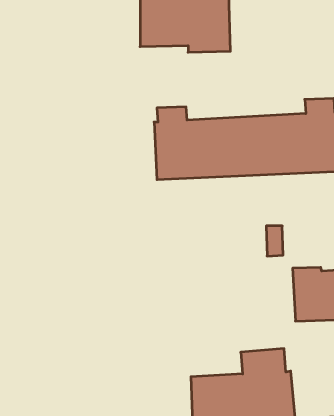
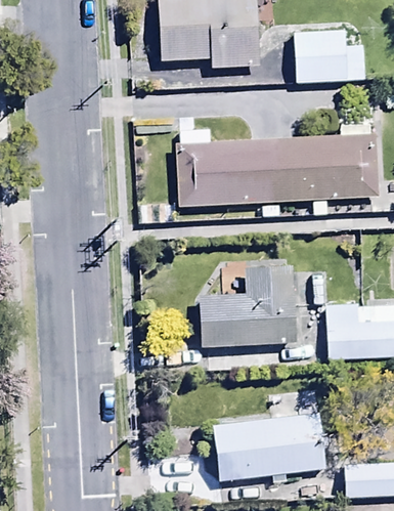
building: none -> [293,29,364,82]
building: none -> [200,267,298,347]

